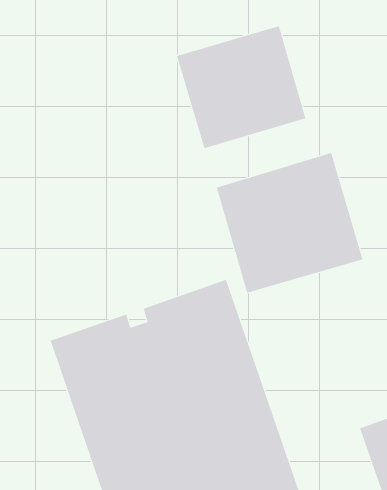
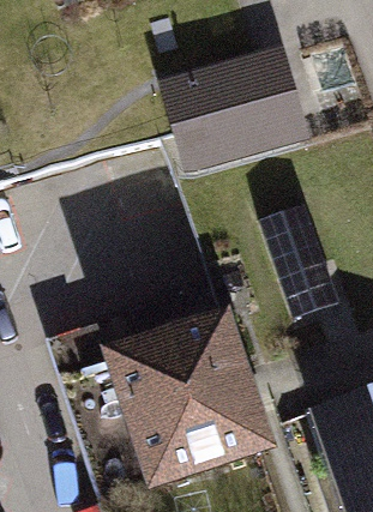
building: [216,152,363,294] -> none

